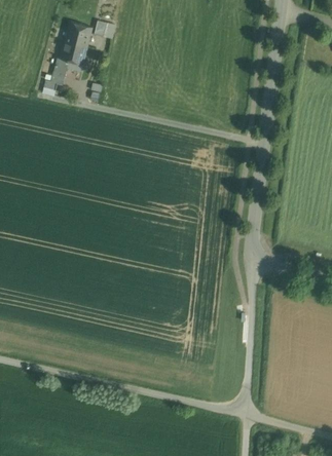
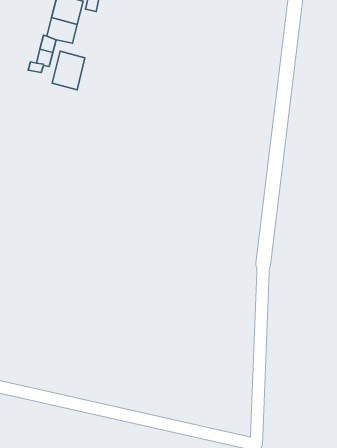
building: none -> [52,51,85,90]

